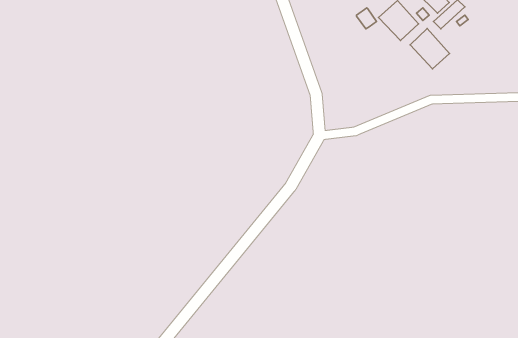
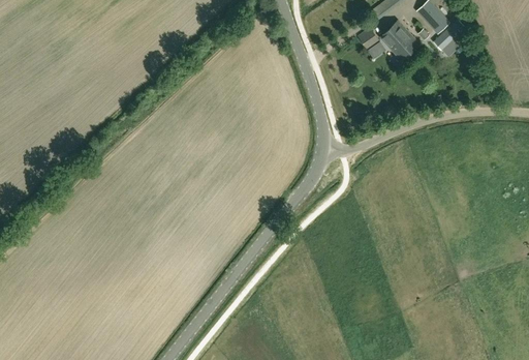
building: [410,28,450,69] -> none

